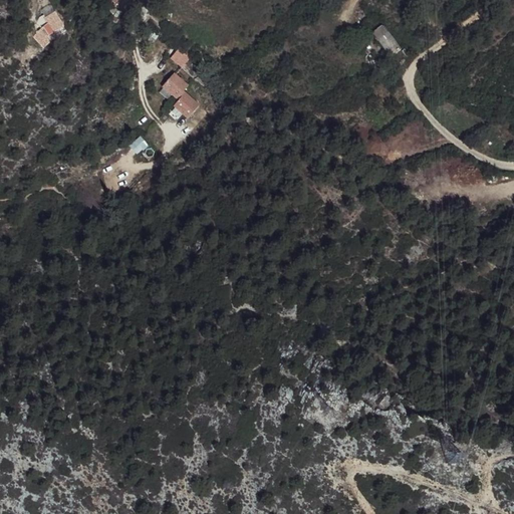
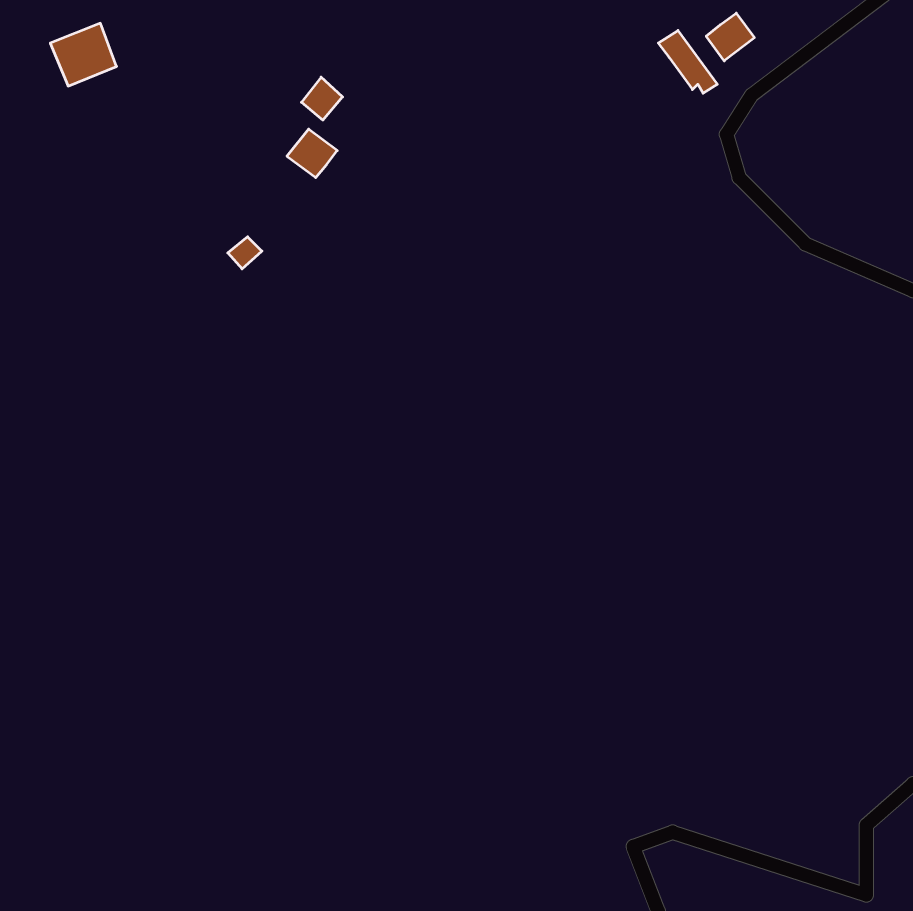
building: none -> [706,13,754,61]
building: [172,92,199,118] -> none

